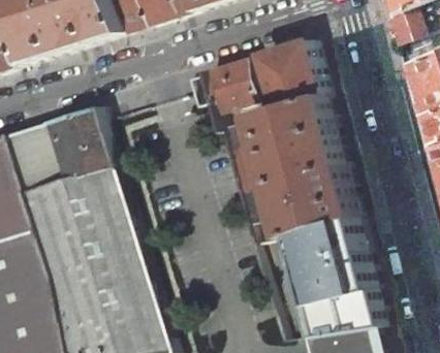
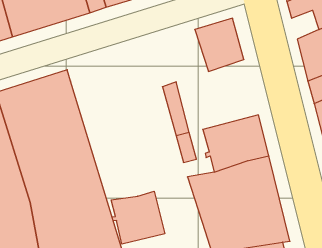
building: [207,59,260,114] -> none
building: [255,92,344,182] -> none
building: none -> [111,191,165,244]

